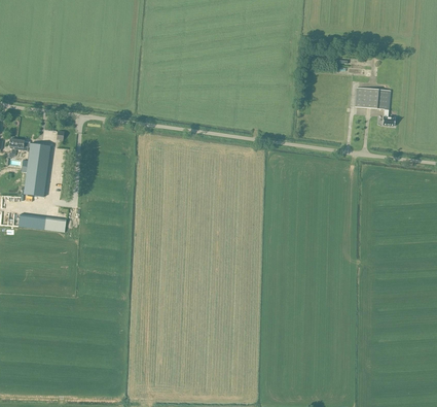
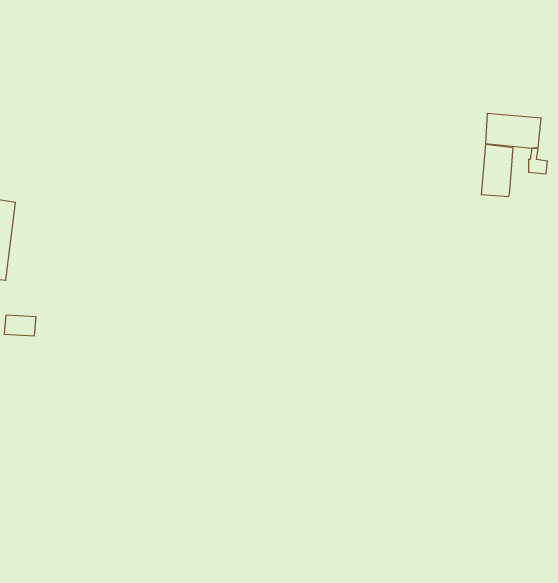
building: none -> [481,144,513,197]

